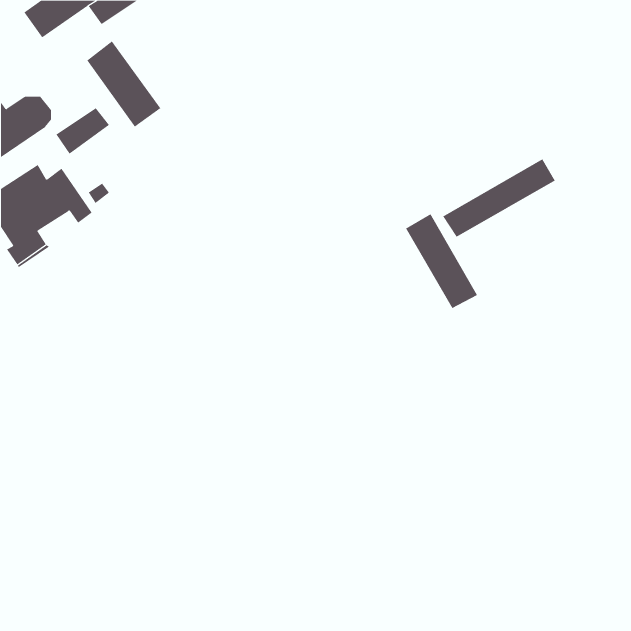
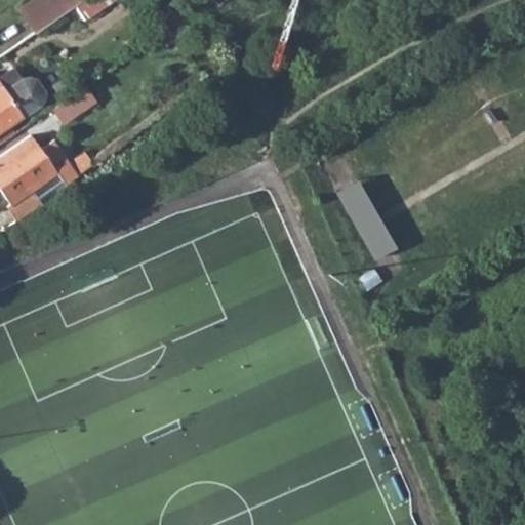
building: [87,41,161,128] -> none
building: [443,158,556,237] -> none

